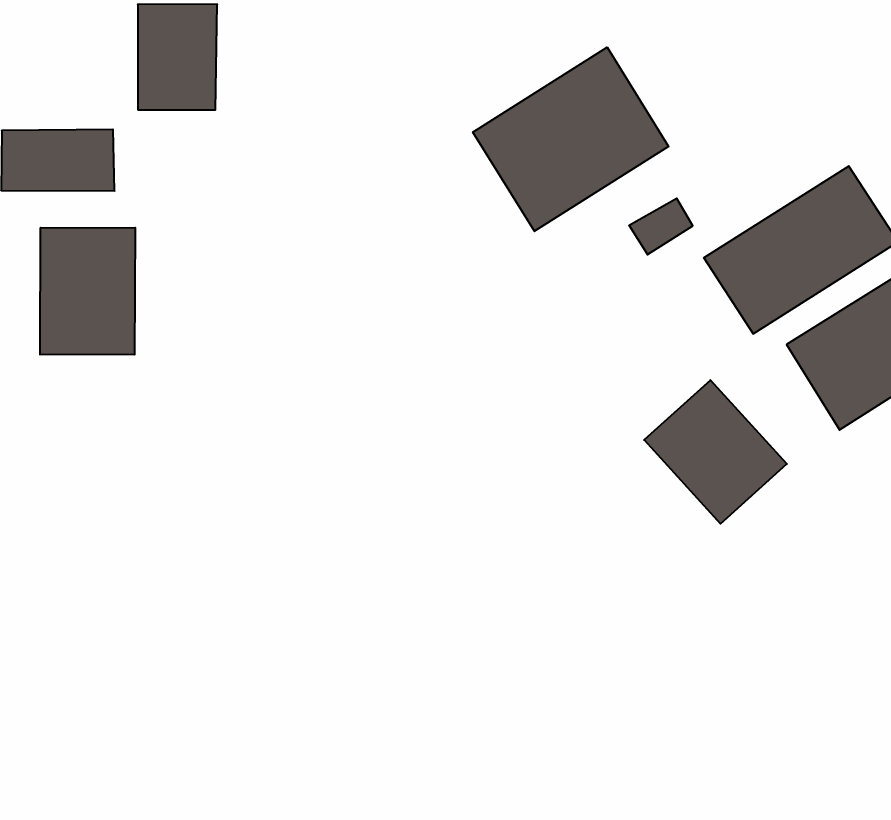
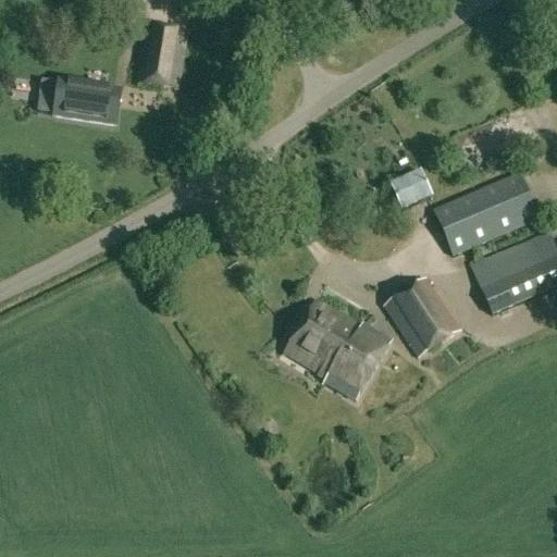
building: [473,47,669,231] -> none
building: [40,228,135,355] -> none
building: none -> [283,299,392,399]

